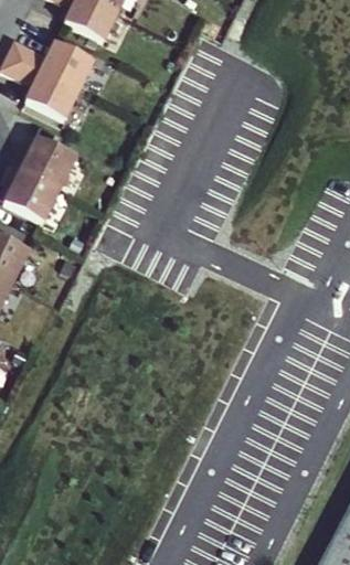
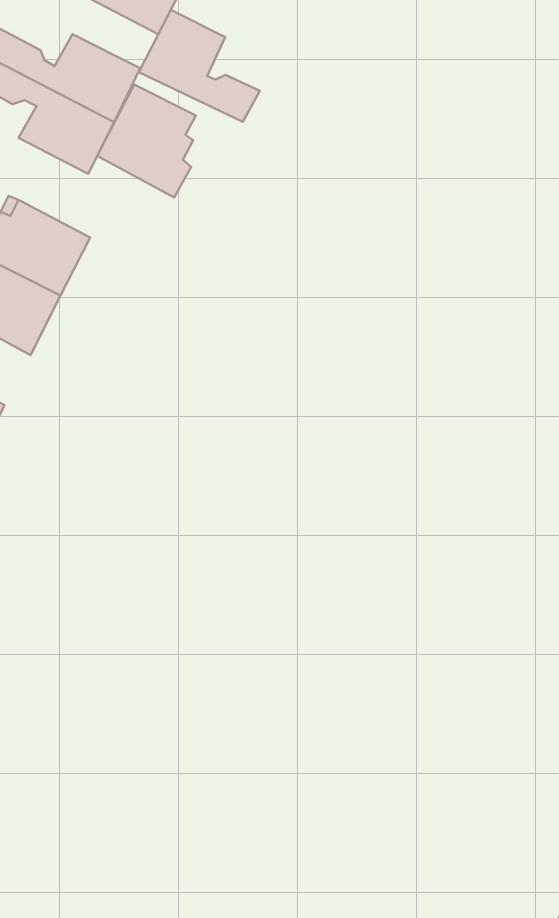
building: none -> [139,10,260,122]
building: none -> [97,85,196,198]

